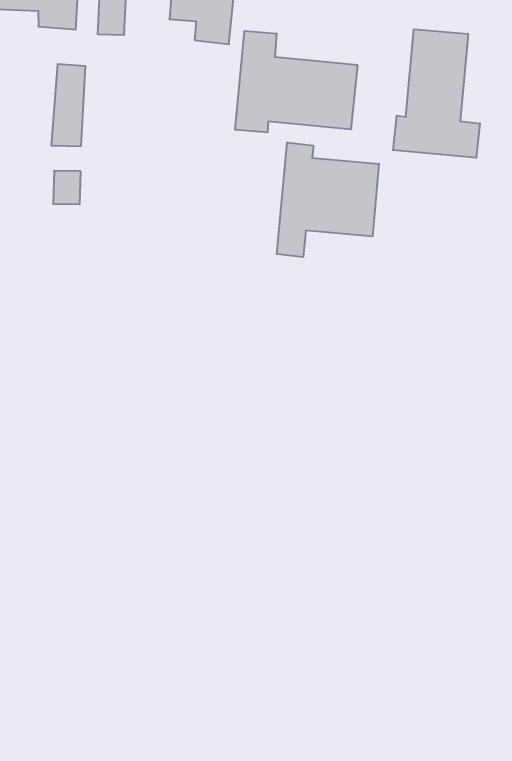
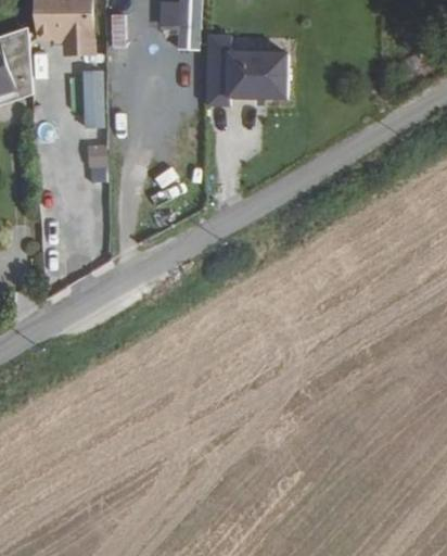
building: [393,29,480,158] -> none
building: [277,142,379,257] -> none

